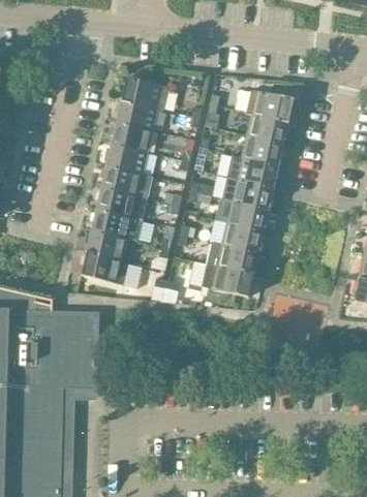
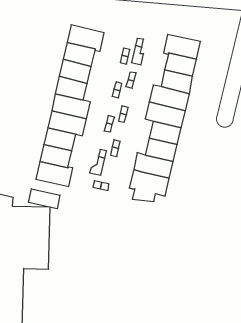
building: none -> [29,189,60,209]

